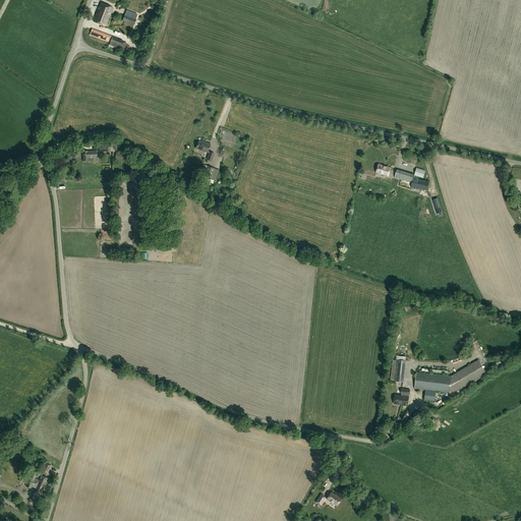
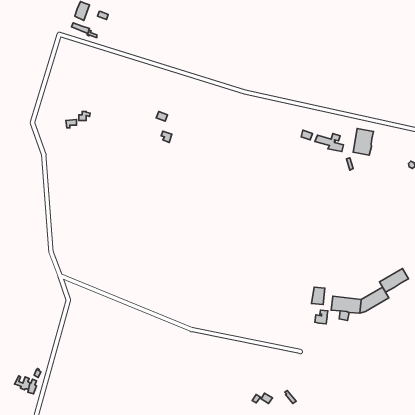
building: none -> [353,129,374,155]
building: none -> [379,268,409,292]

